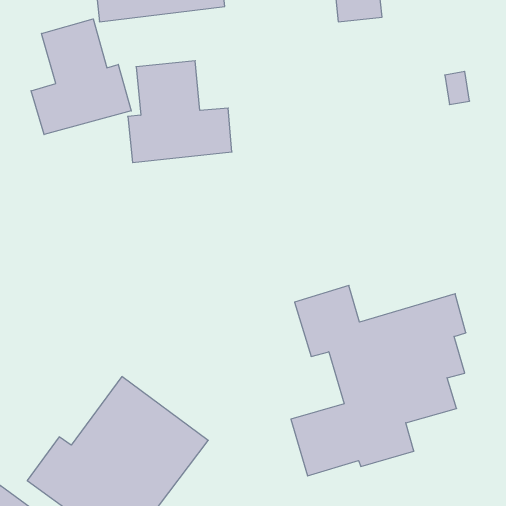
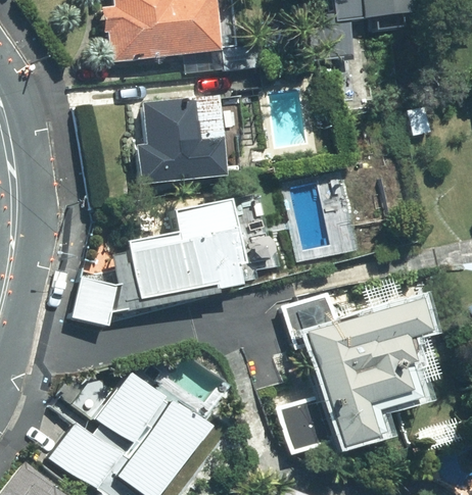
building: [31,19,131,135] -> none
building: none -> [77,197,250,325]

